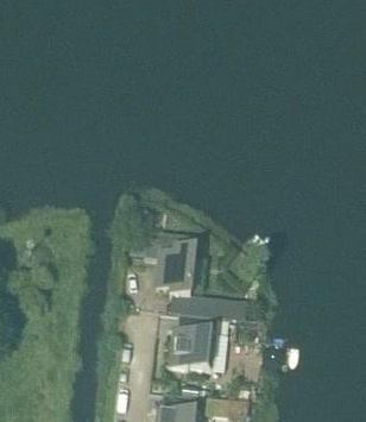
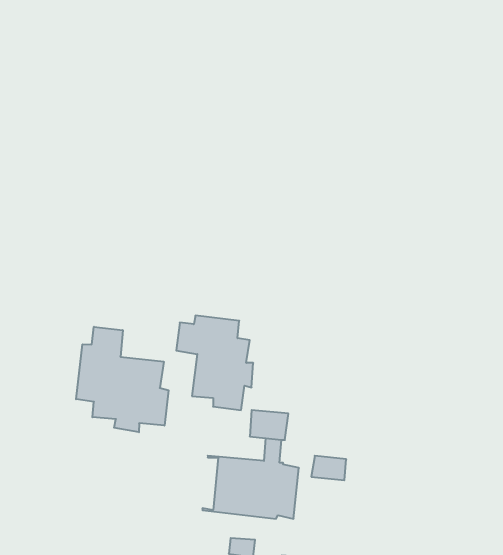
building: none -> [76,327,169,432]

